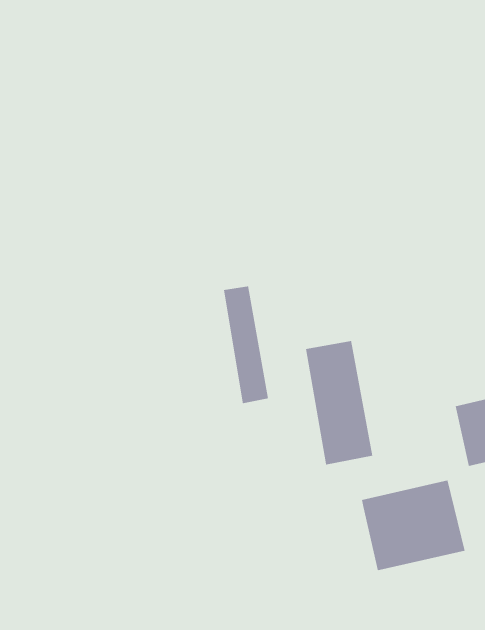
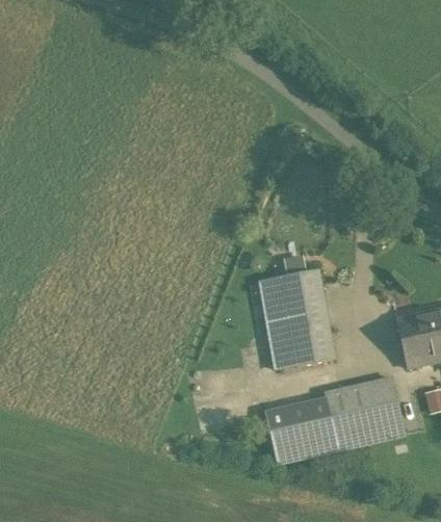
building: [223,286,269,404] -> [260,278,295,369]
building: none -> [264,398,336,462]

